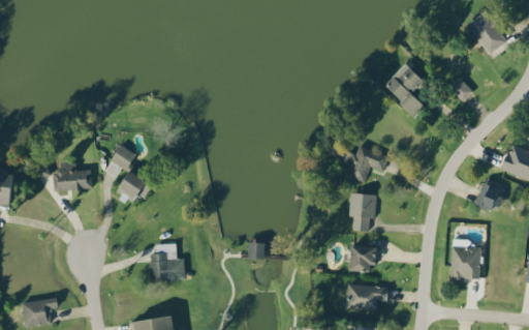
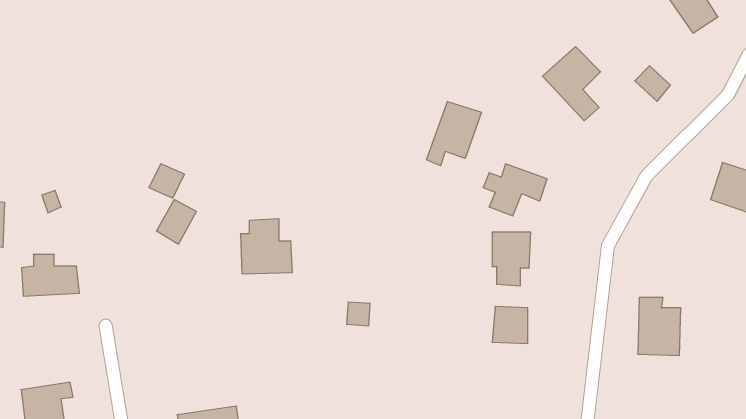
building: none -> [427,101,482,166]
building: [52,161,92,190] -> [22,254,79,296]
building: [475,184,504,208] -> none
building: [149,243,185,281] -> [240,219,292,274]
building: [348,284,387,309] -> none

